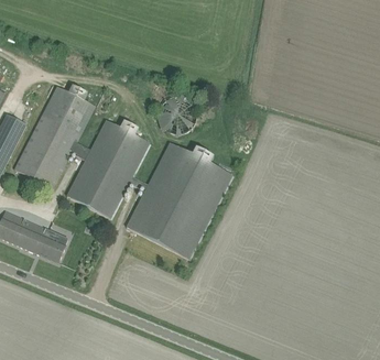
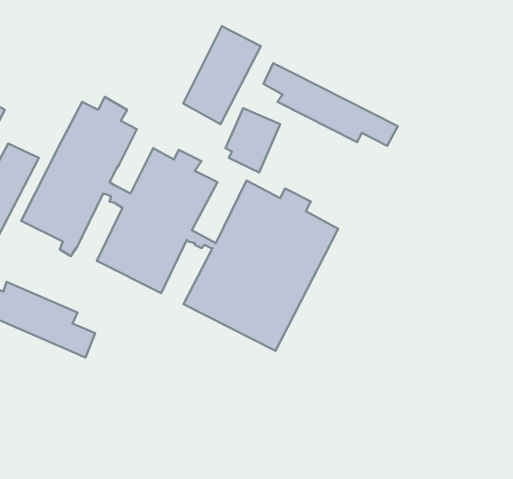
building: none -> [183,26,261,124]
building: none -> [263,63,398,146]

